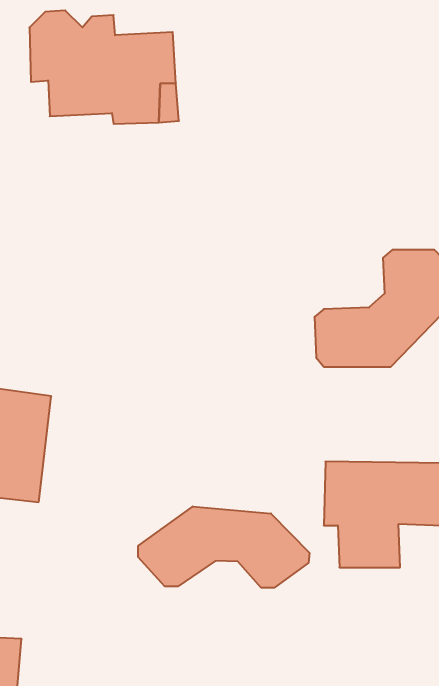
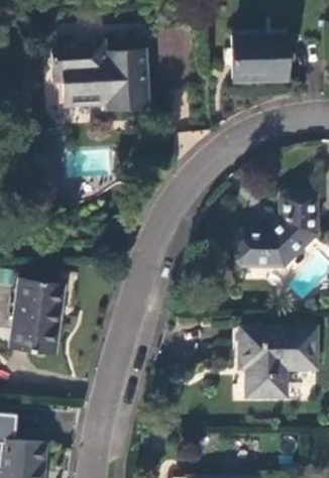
building: none -> [230,37,289,80]
building: [138,506,309,588] -> none

